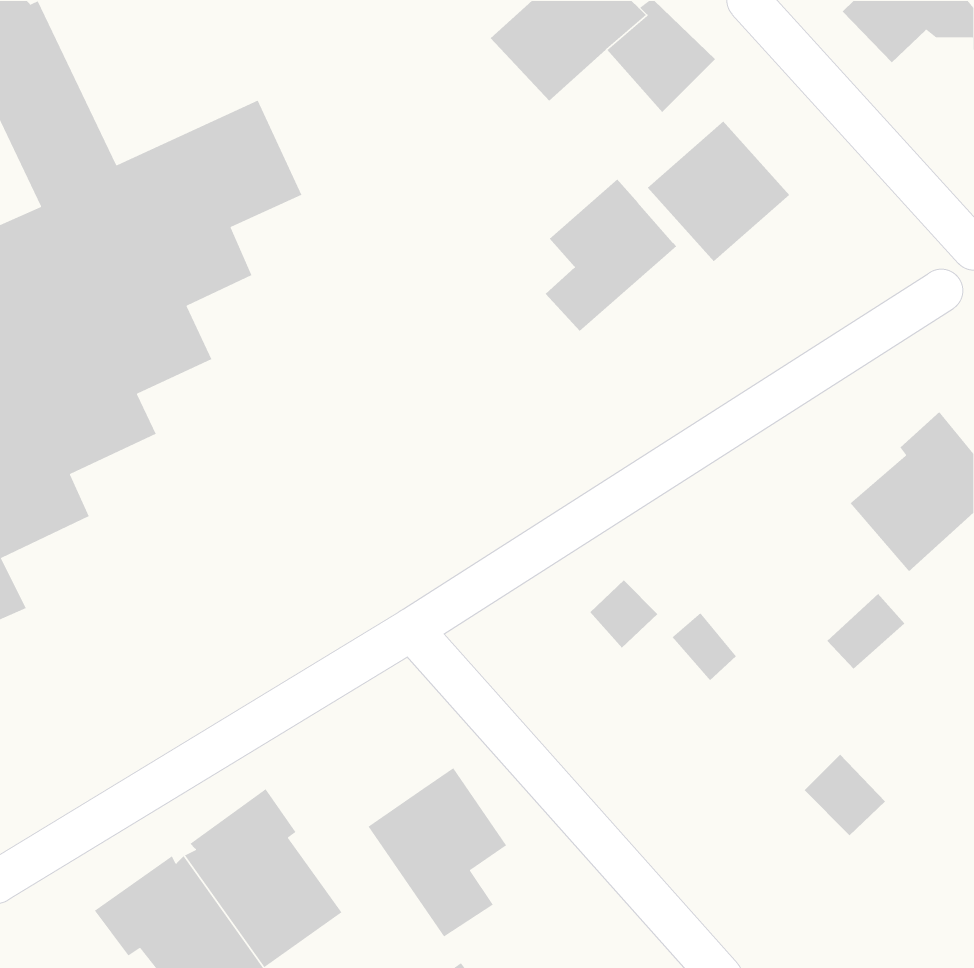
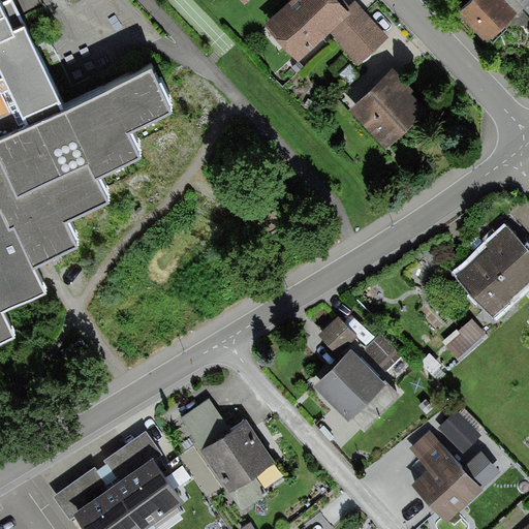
building: [545,178,677,332] -> none
building: none -> [311,346,399,430]
building: none -> [181,402,228,449]
building: none -> [408,432,498,522]

